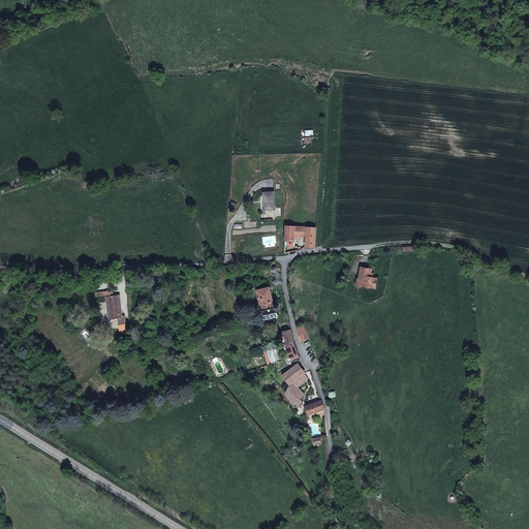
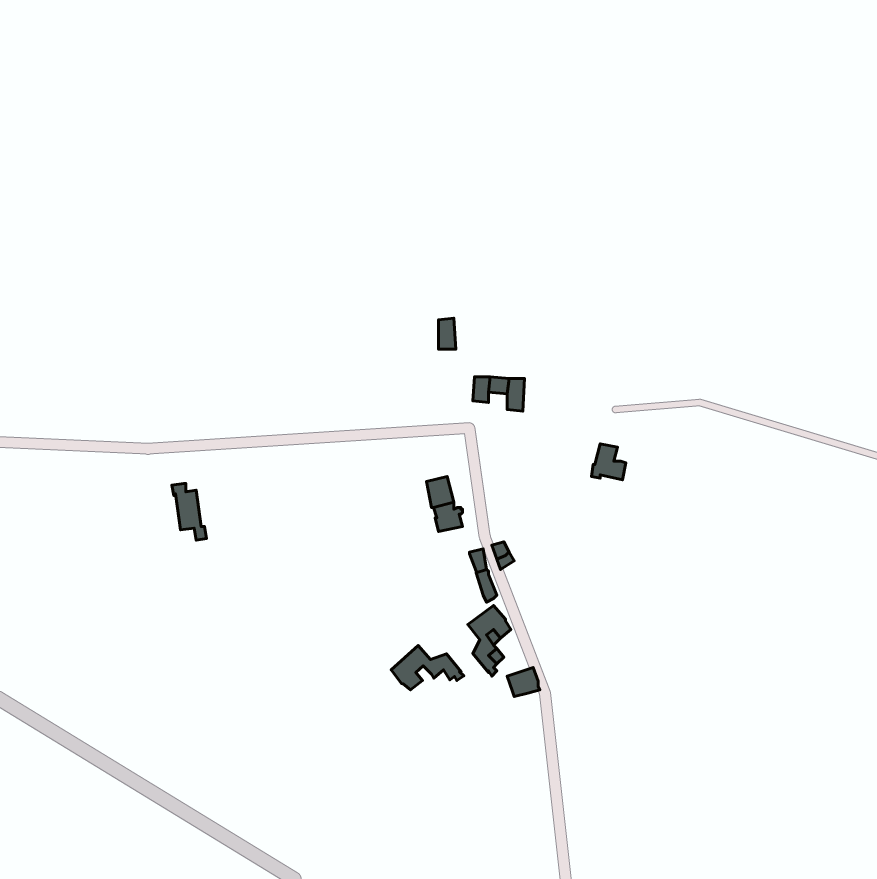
building: none -> [391,645,464,690]

